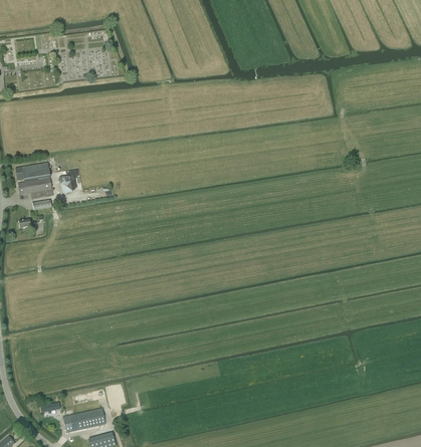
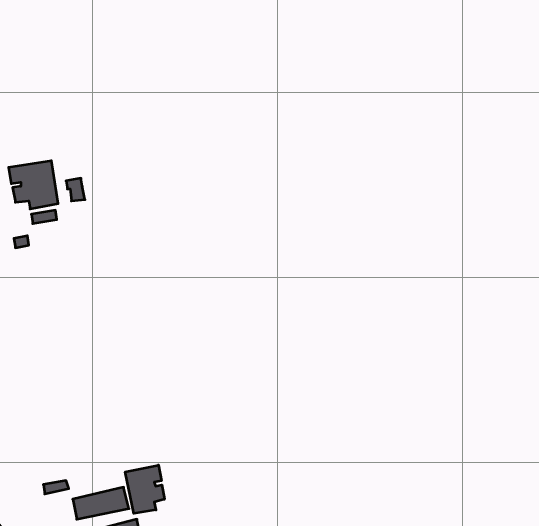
building: none -> [125,465,164,513]

